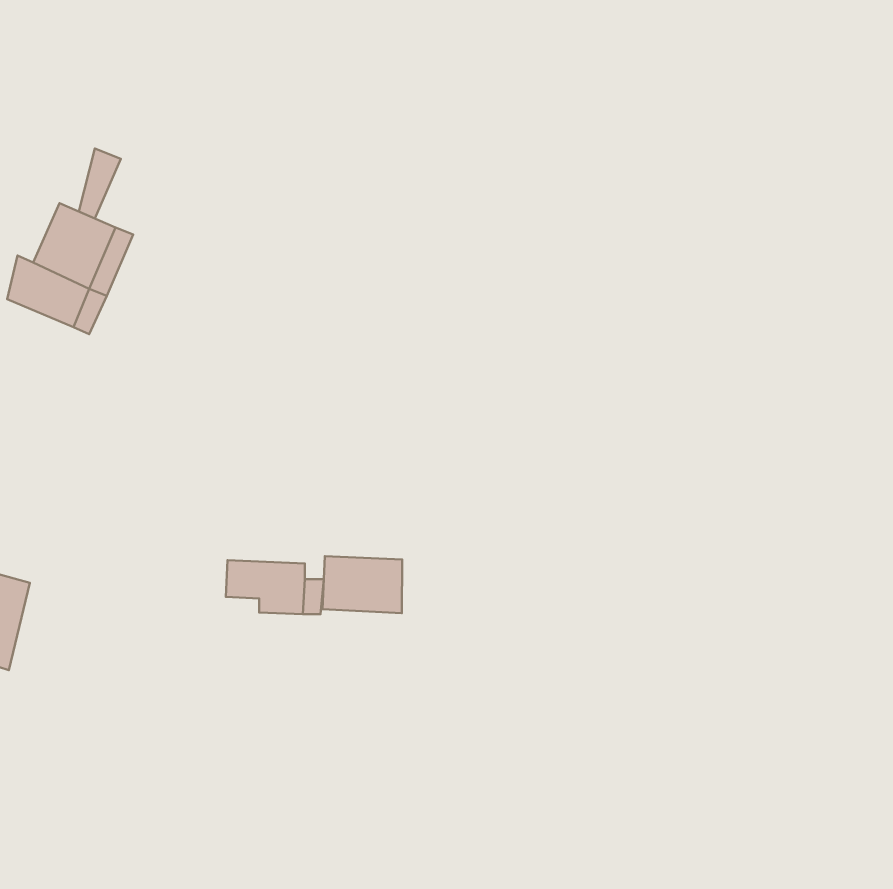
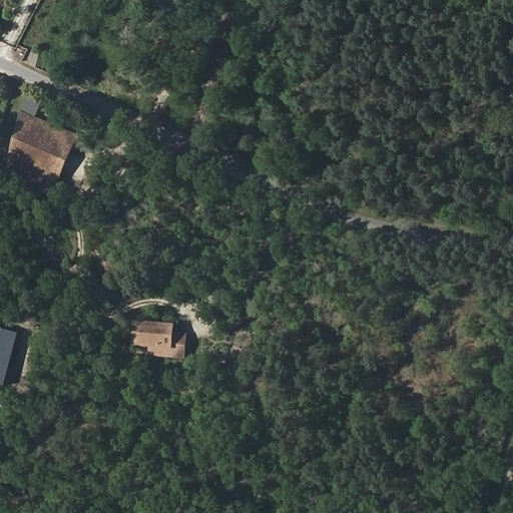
building: [79,148,121,218] -> [10,110,34,150]
building: [323,556,402,613] -> none

